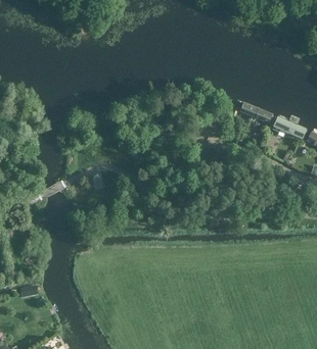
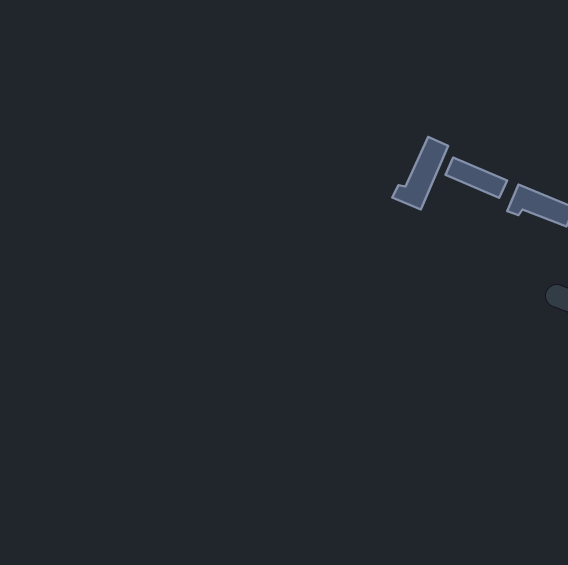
building: none -> [392,137,448,210]

